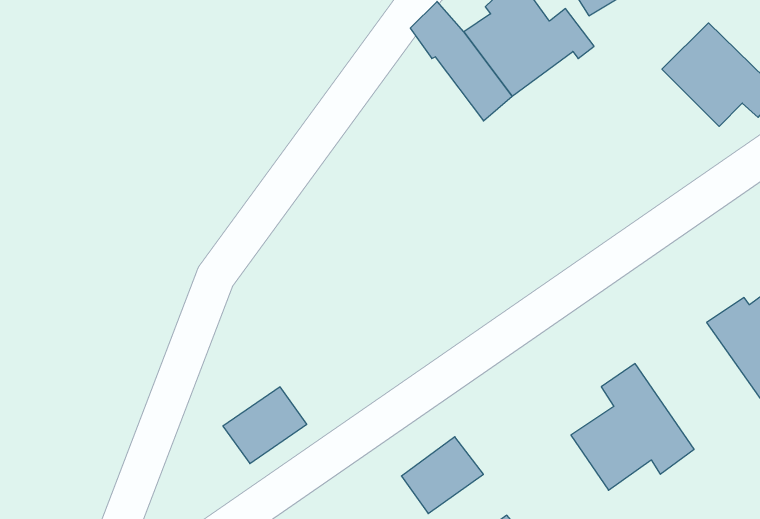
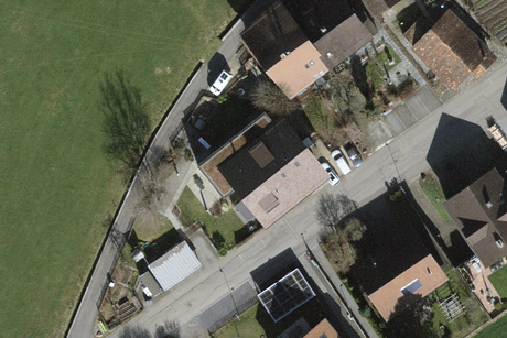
building: none -> [249,22,310,92]
building: none -> [197,113,317,214]

